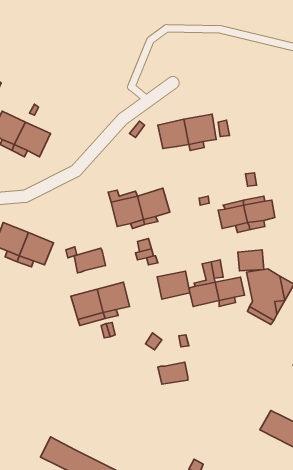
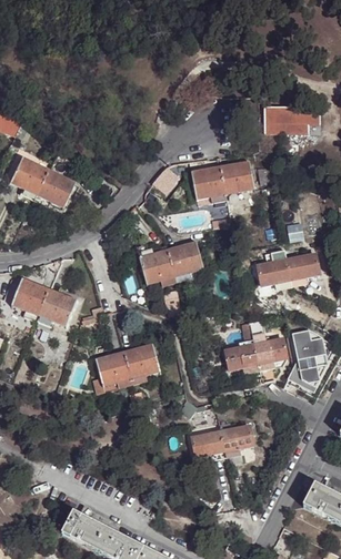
building: none -> [265,104,321,130]
building: [74,248,106,273] -> none
building: [238,250,264,271] -> none
building: [157,271,190,299] -> none
building: none -> [221,424,253,456]

